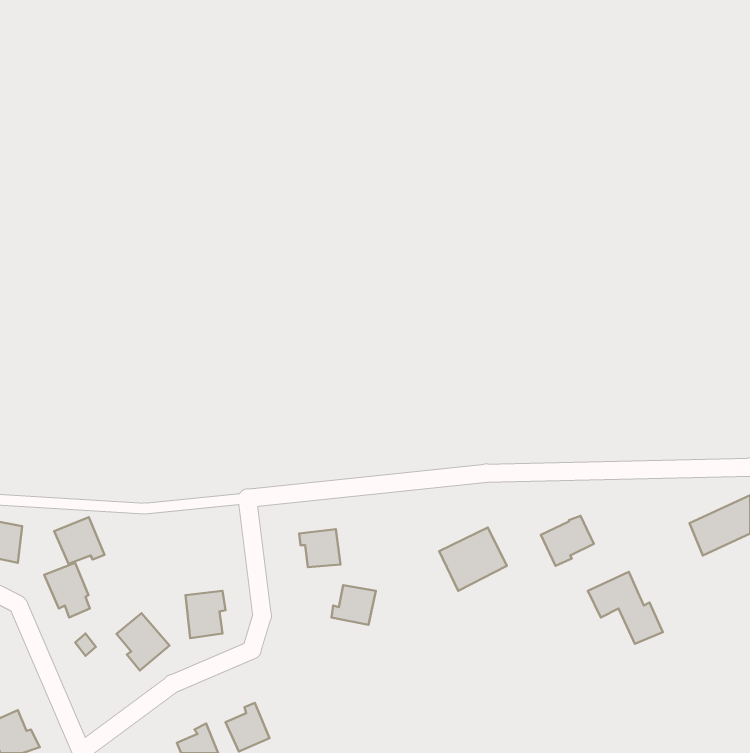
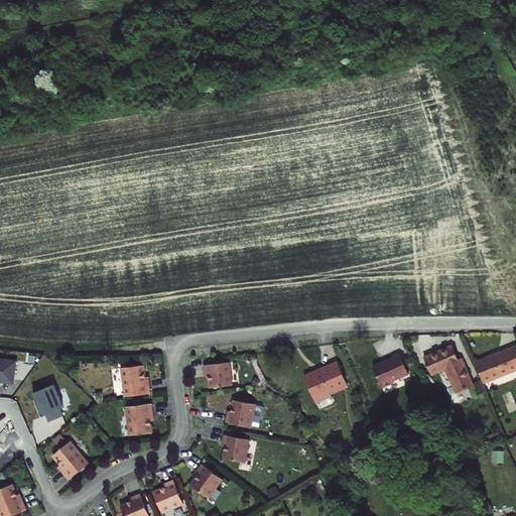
building: [54,517,104,564] -> none
building: none -> [122,366,151,397]
building: [588,572,663,644] -> [420,341,472,390]
building: [116,613,169,671] -> [52,441,89,481]
building: none -> [224,435,251,463]
building: none -> [191,464,224,498]

